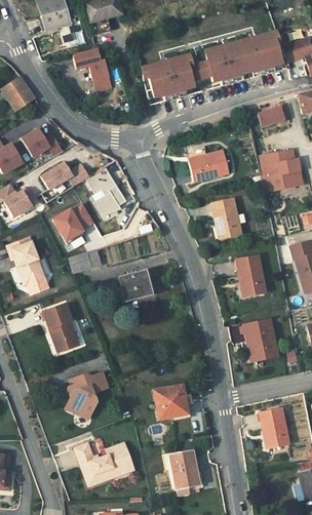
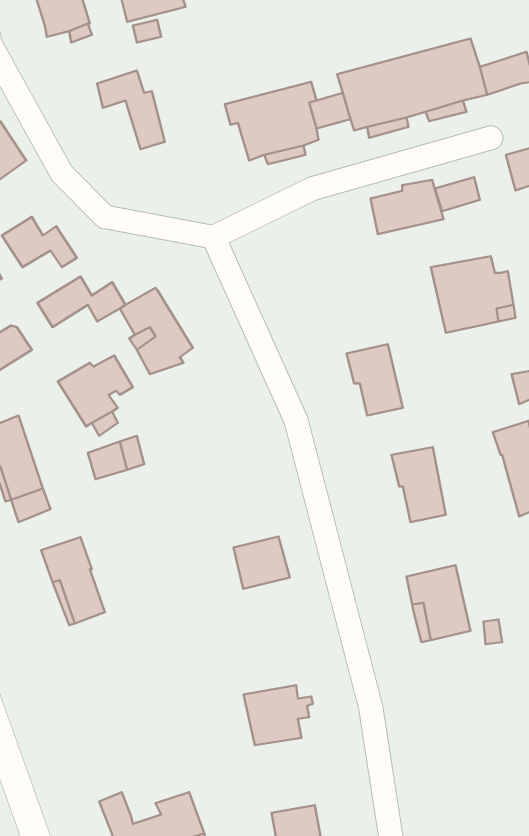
building: [189,151,229,181] -> [370,180,443,234]
building: [120,271,151,300] -> [234,536,290,589]
building: [66,372,109,415] -> none
building: [259,407,288,447] -> none

